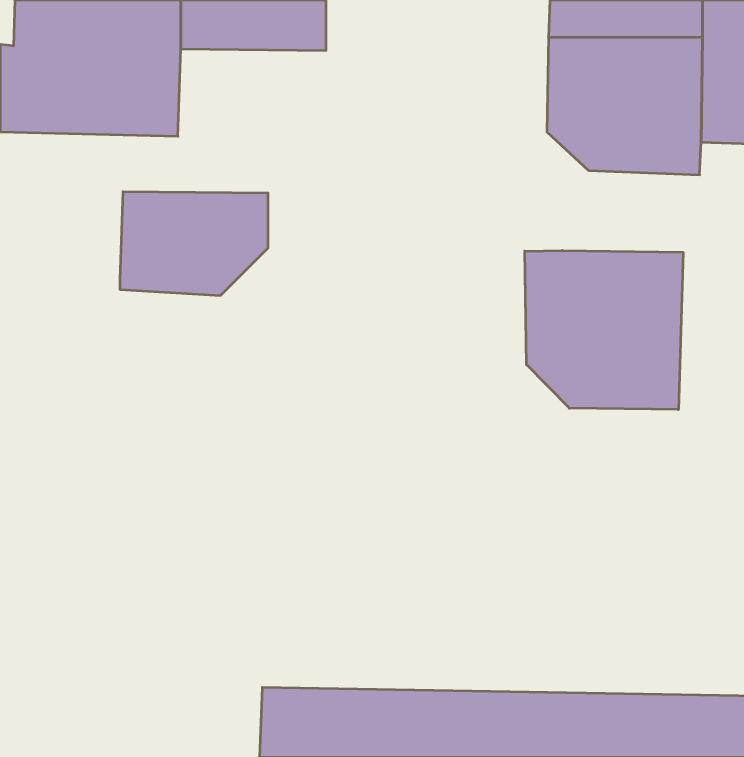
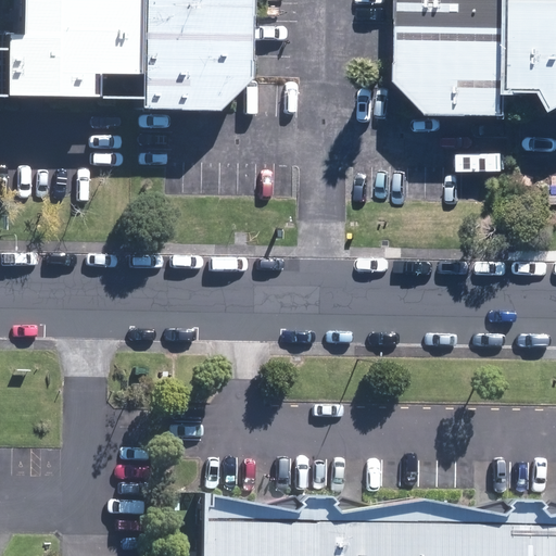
building: [120,192,268,295] -> [140,36,249,112]
building: [525,250,683,410] -> none

